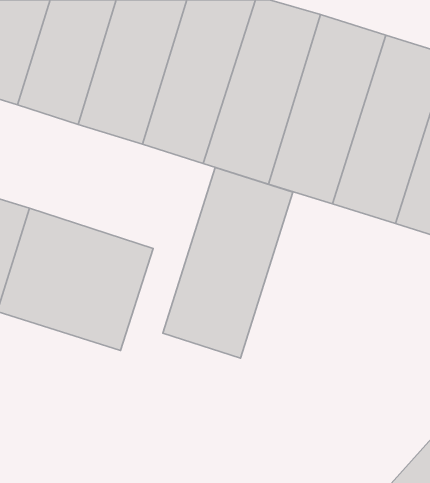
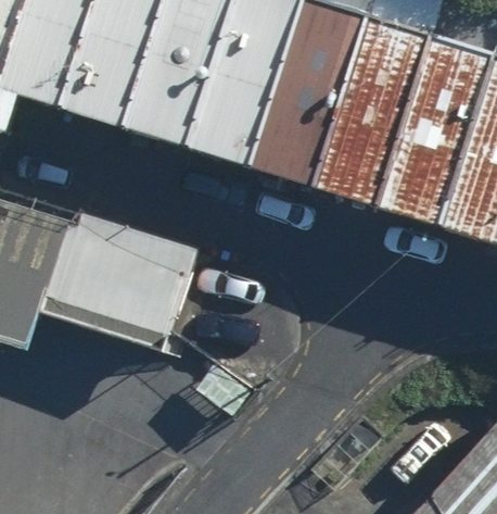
building: [163,167,293,358] -> none

